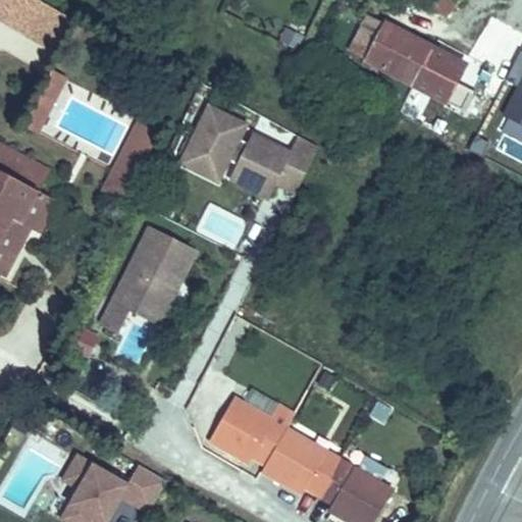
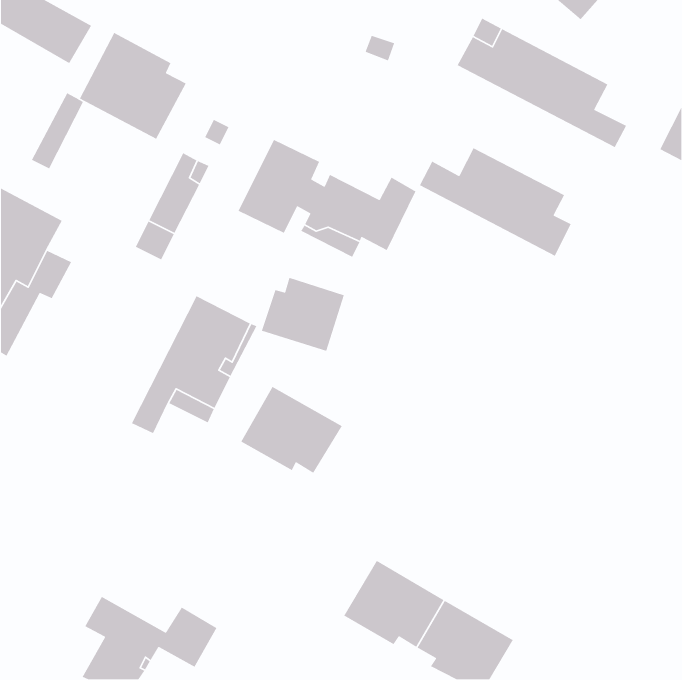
building: none -> [79,32,187,140]
building: none -> [419,147,572,257]
building: none -> [261,277,345,352]
building: [209,397,288,464] -> [240,386,343,474]

